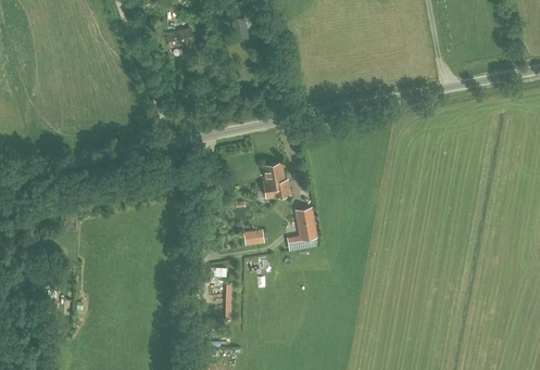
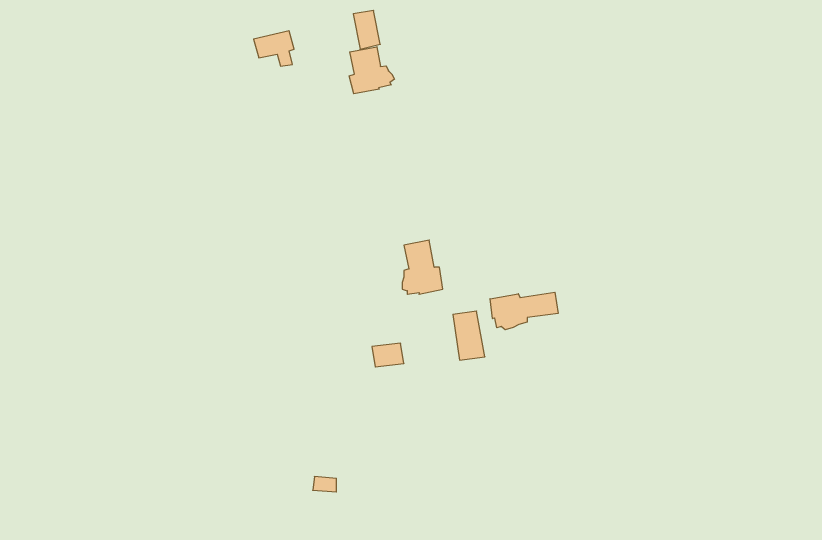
building: none -> [349,47,394,94]
building: none -> [490,292,558,330]

